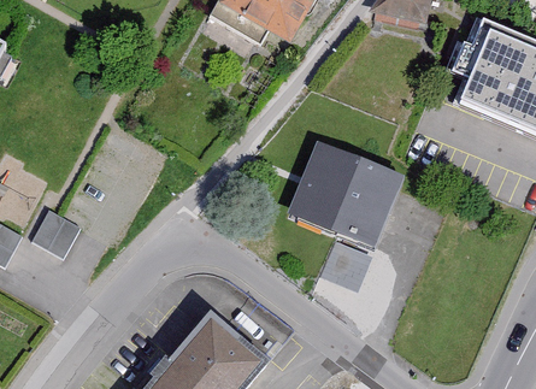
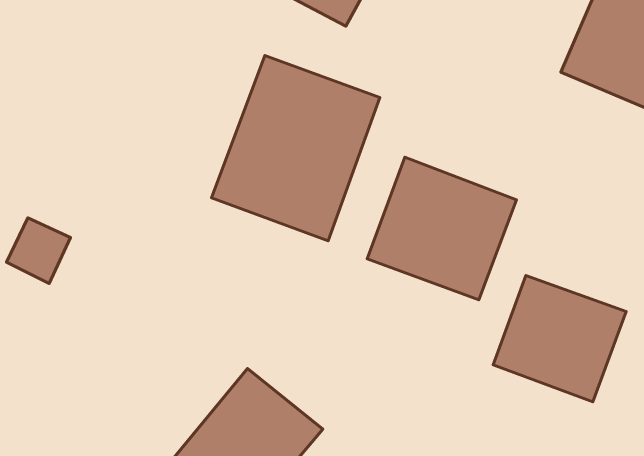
building: none -> [211,56,380,241]
building: none -> [493,275,626,402]

